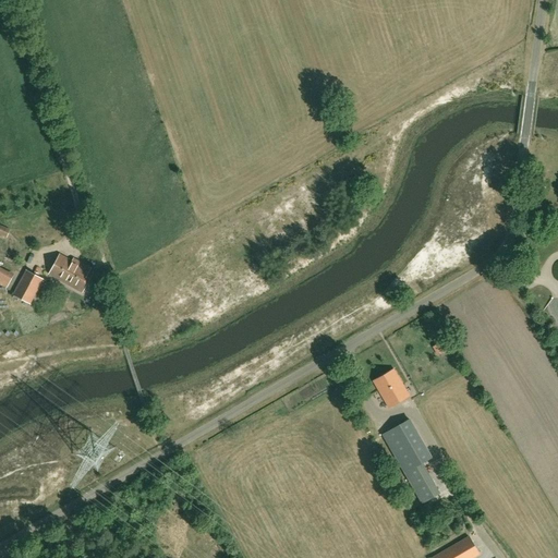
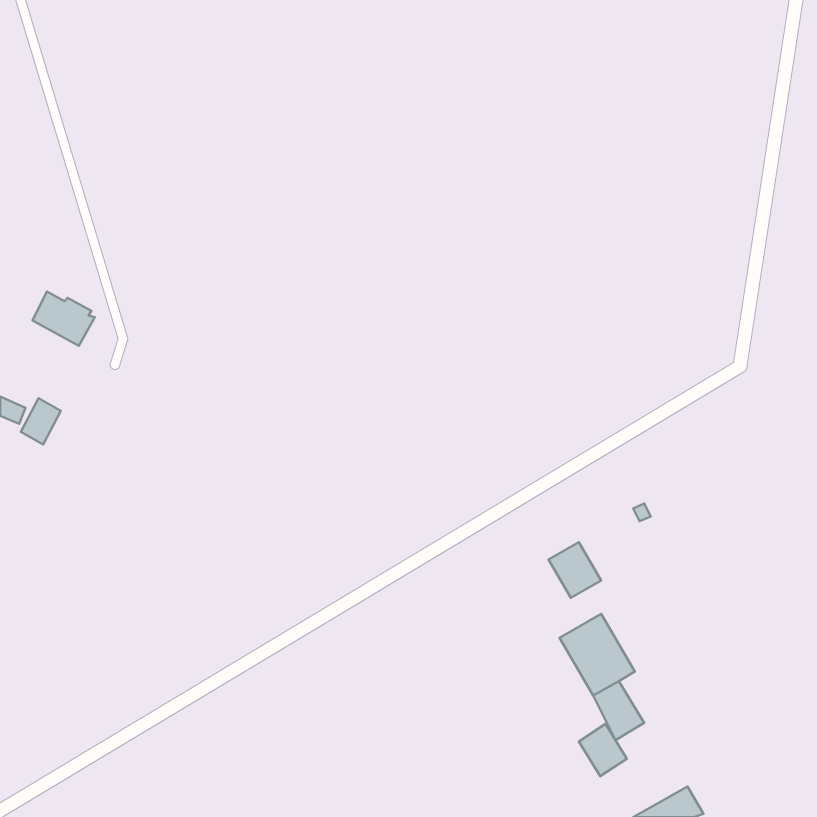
building: [50,255,93,292] -> [32,292,95,346]
building: none -> [579,724,627,776]

